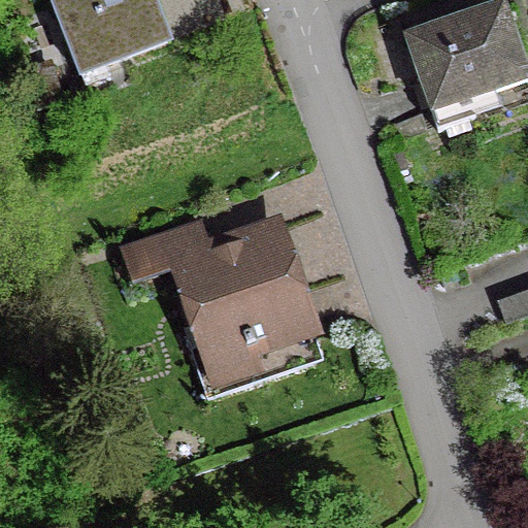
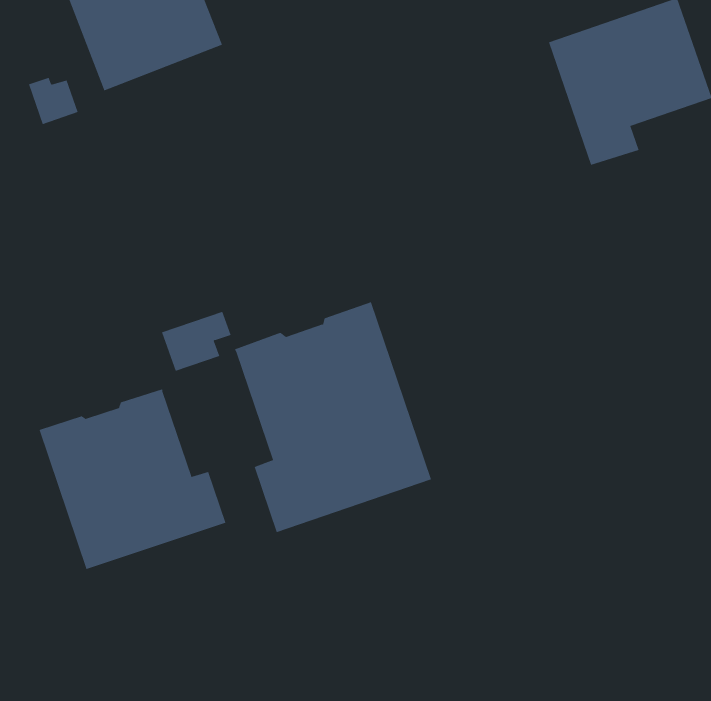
building: none -> [39,389,226,570]

